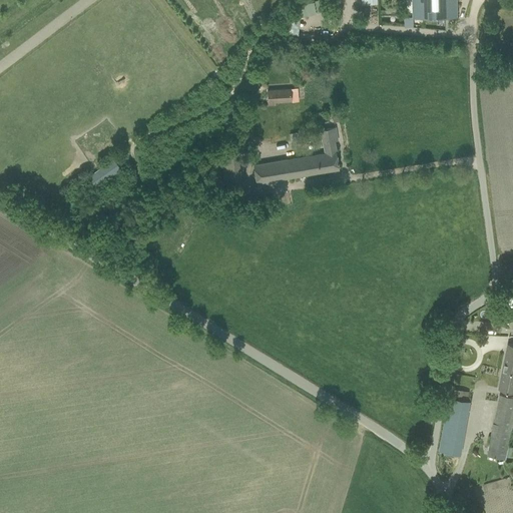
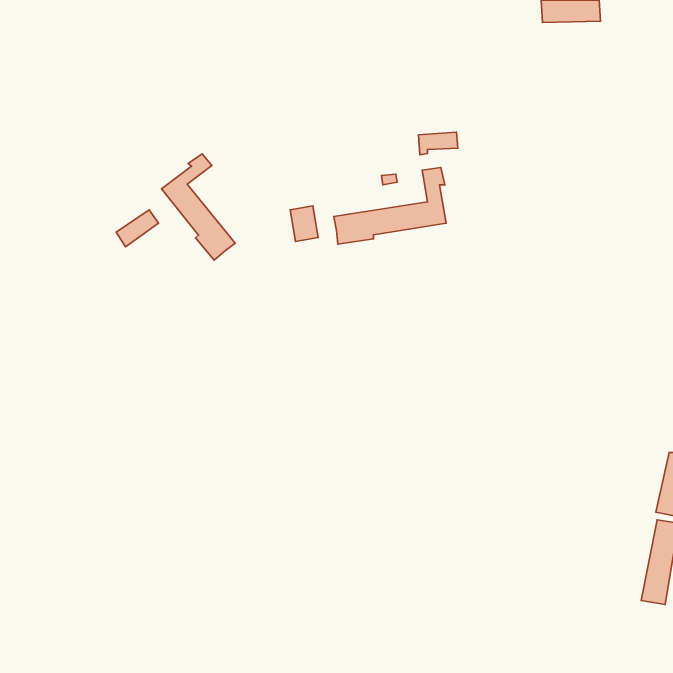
building: [269,89,299,106] -> [418,132,458,155]
building: none -> [162,154,235,260]
building: [440,398,471,456] -> none

